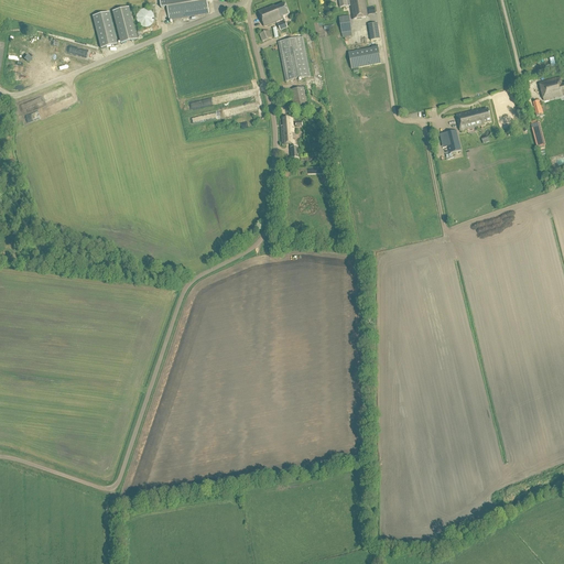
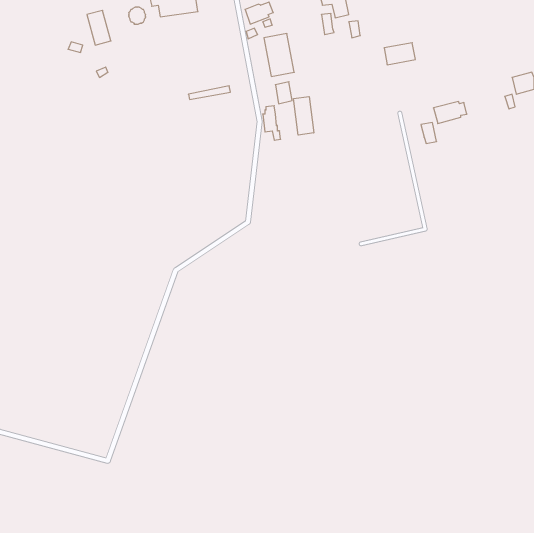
building: [112,6,135,42] -> none
building: [347,45,380,68] -> [384,43,415,65]
building: none -> [294,97,314,135]

